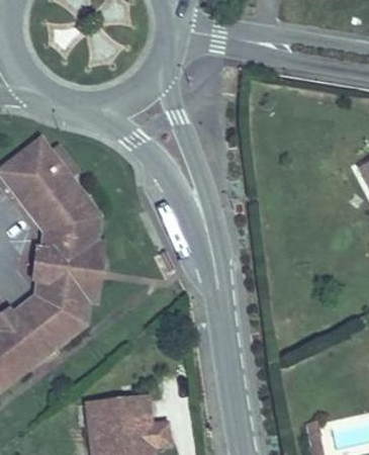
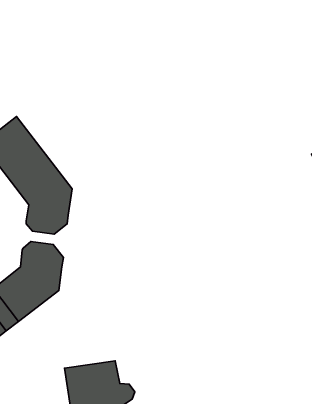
building: [29,240,104,296] -> none

